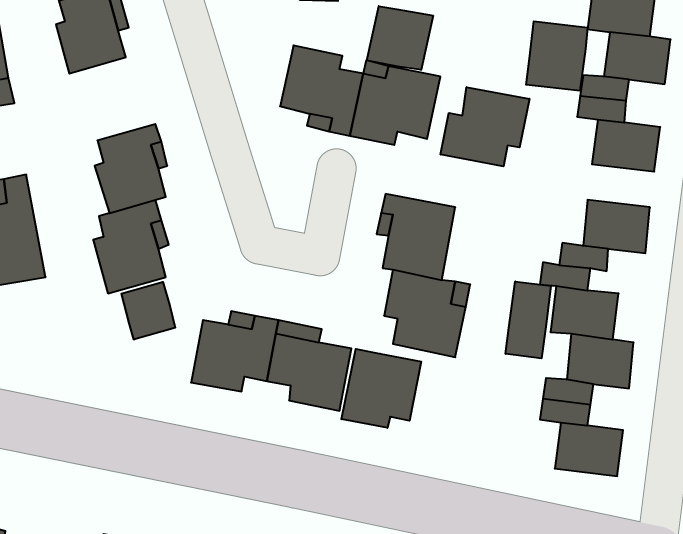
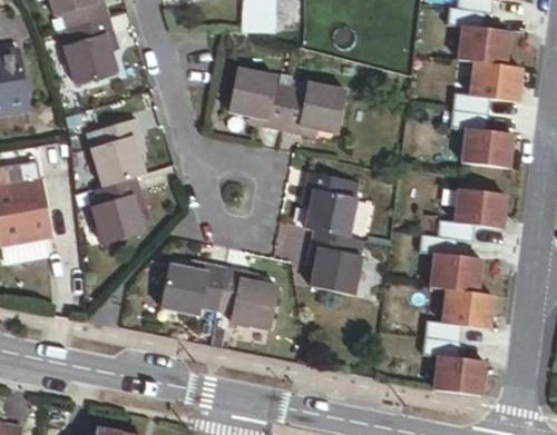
building: [367,6,433,70] -> none
building: [526,21,588,91] -> none
building: [441,87,529,166] -> none
building: [506,281,551,358] -> none
building: [121,282,175,340] -> none
building: [341,349,421,428] -> none

